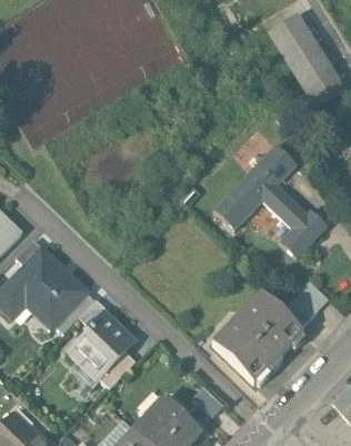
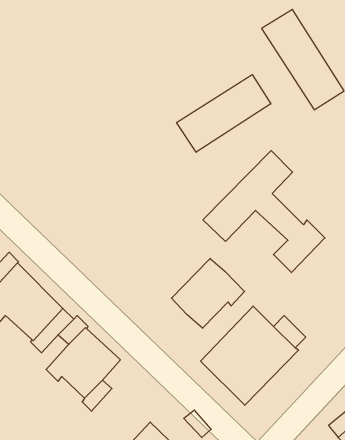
building: none -> [177,75,271,152]
building: none -> [171,258,245,328]
building: [289,280,328,318] -> none

